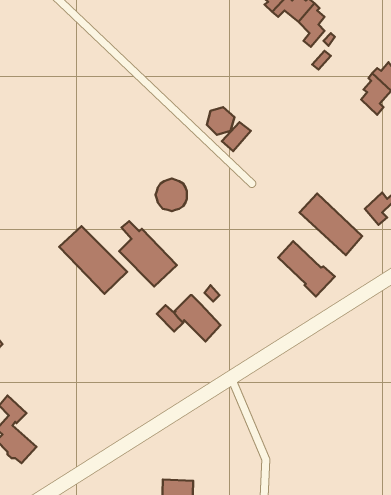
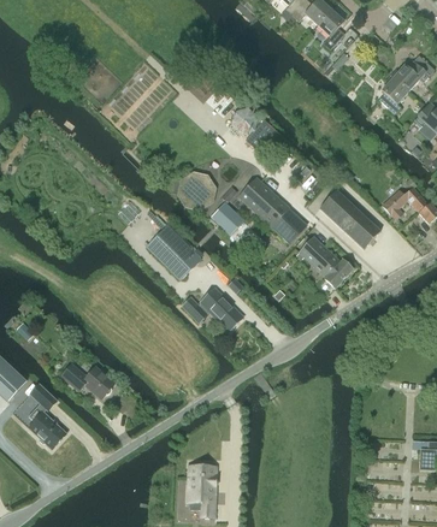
building: none -> [238,177,306,242]
building: none -> [211,201,244,233]
building: [59,226,127,294] -> none
building: none -> [61,362,114,397]

